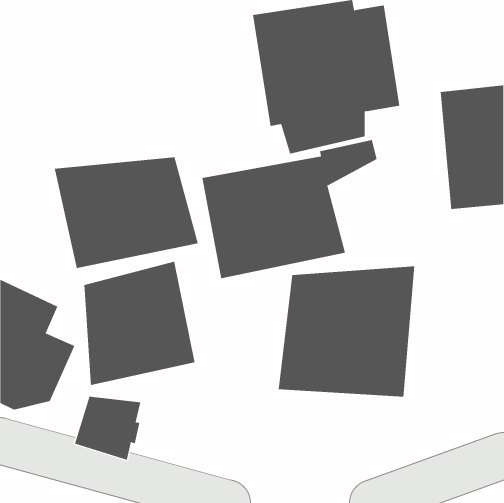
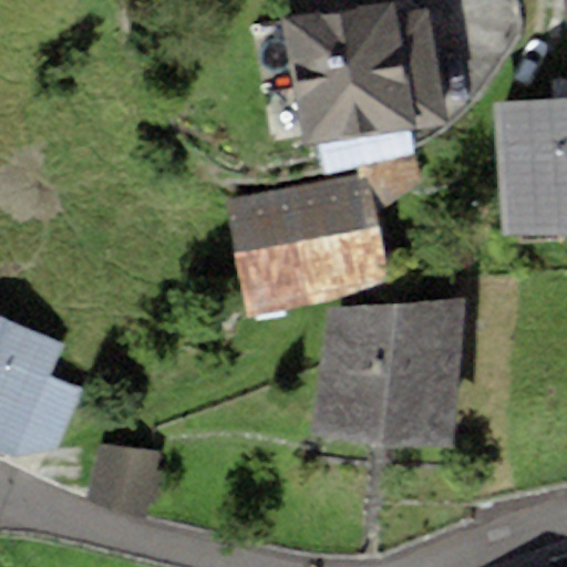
building: [54,157,198,269] -> none
building: [84,261,195,386] -> none

